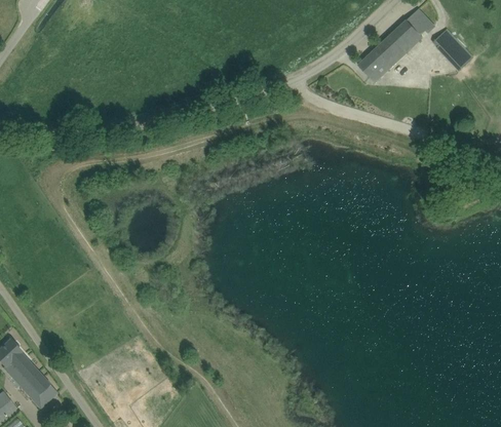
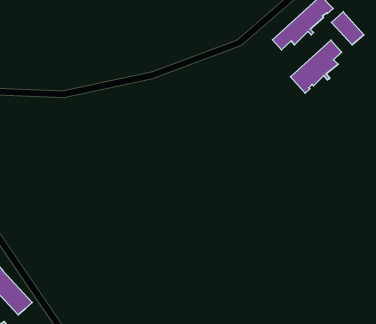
building: none -> [291,40,342,93]

